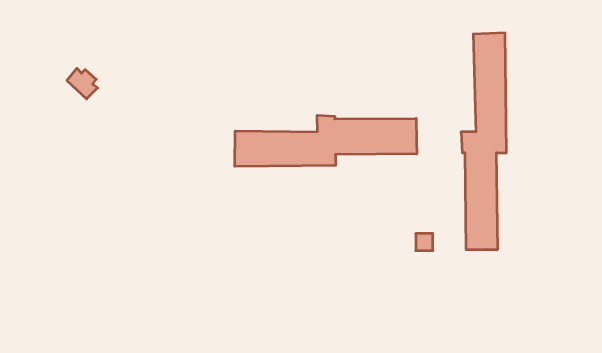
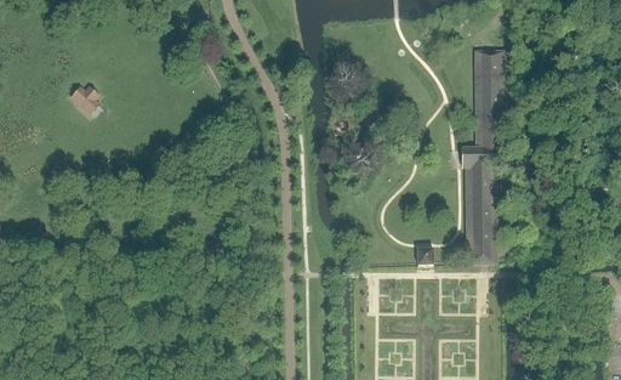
building: [235,115,417,166] -> none

